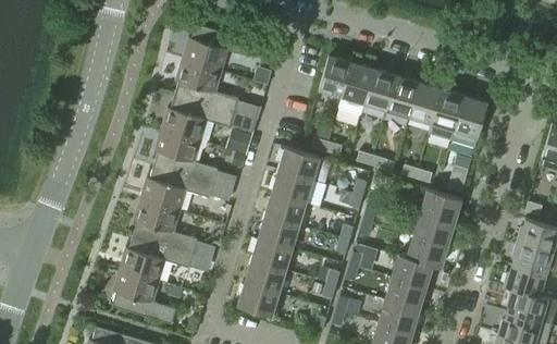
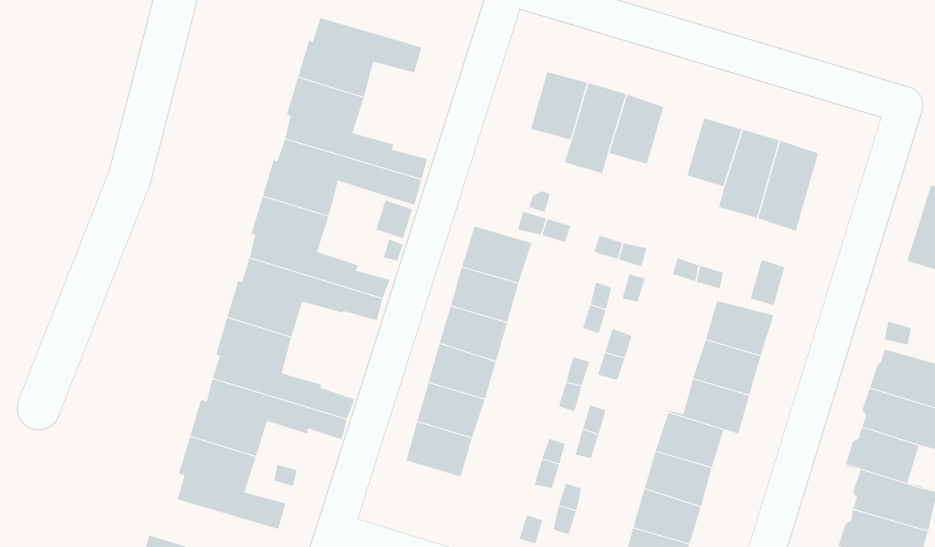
building: [387,76,420,116] -> none
building: [238,283,278,316] -> none

